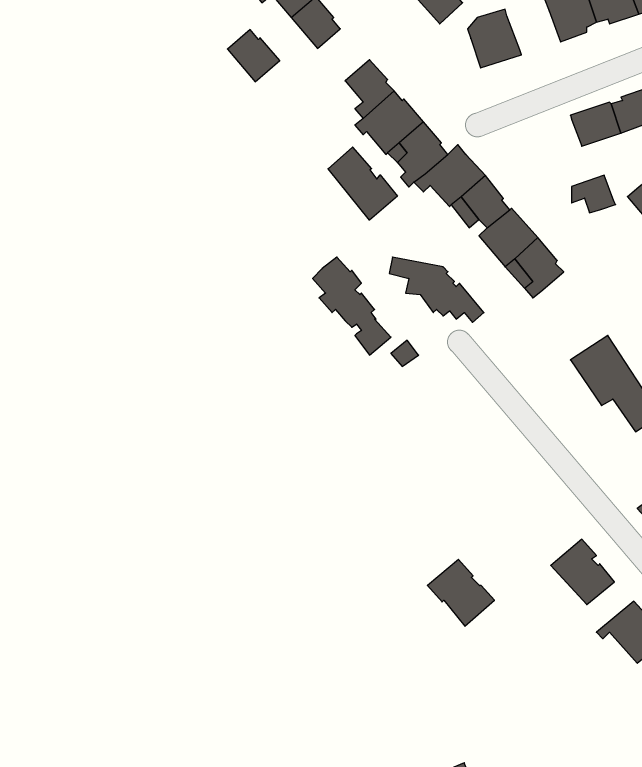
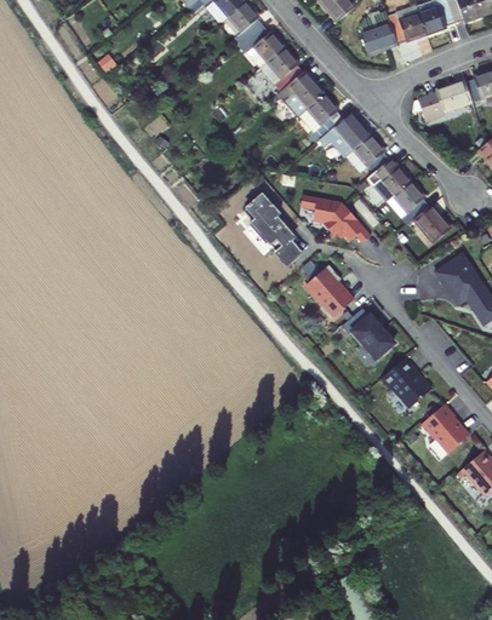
building: none -> [388,12,428,42]
building: [227,30,280,82] -> [247,25,286,64]
building: [328,147,397,220] -> none
building: [572,175,616,213] -> [412,93,445,121]
building: none -> [413,205,452,243]
building: none -> [305,266,354,320]
building: none -> [351,316,394,360]
building: [427,559,494,626] -> [381,358,430,408]

